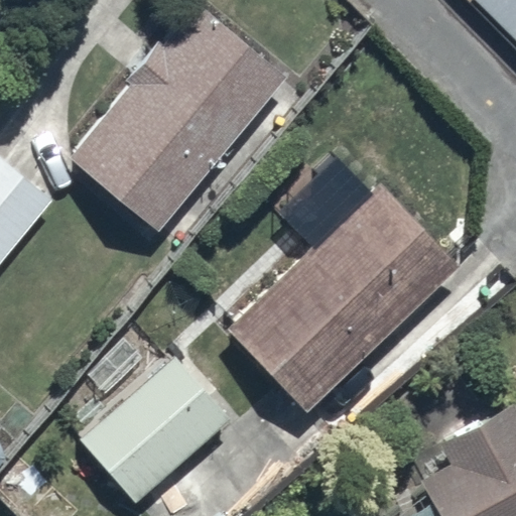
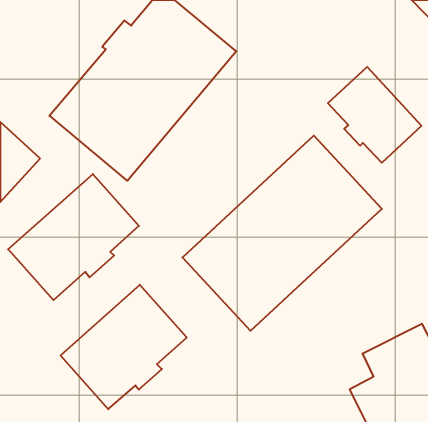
building: none -> [328,67,421,163]
building: none -> [8,174,139,300]

